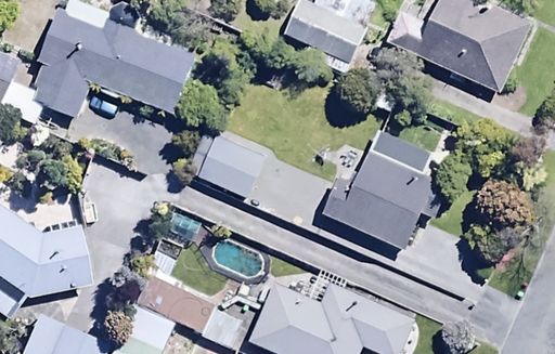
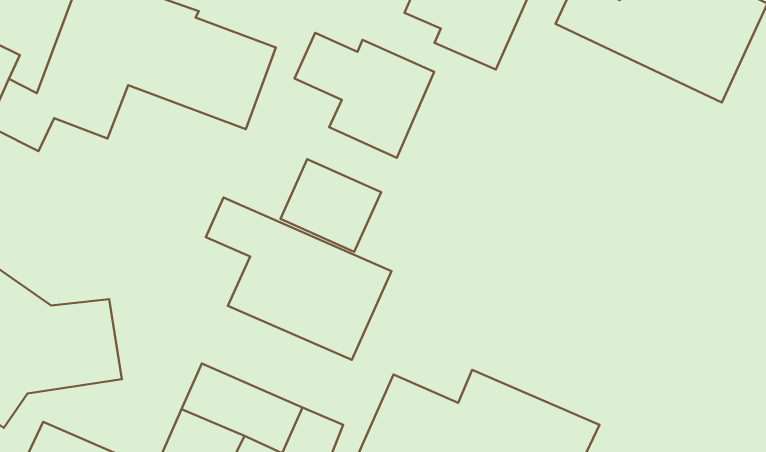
building: none -> [294,33,434,158]
building: [325,130,450,251] -> none
building: none -> [206,198,392,360]

